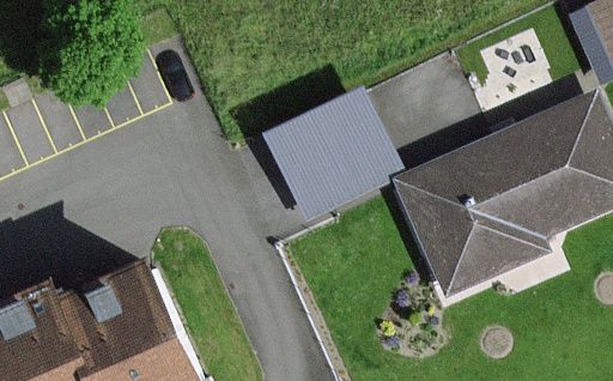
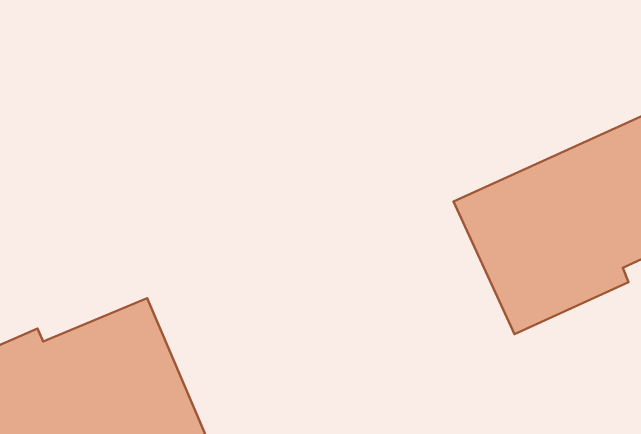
building: [271,95,397,214] -> none

